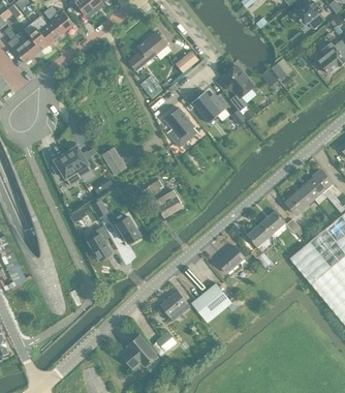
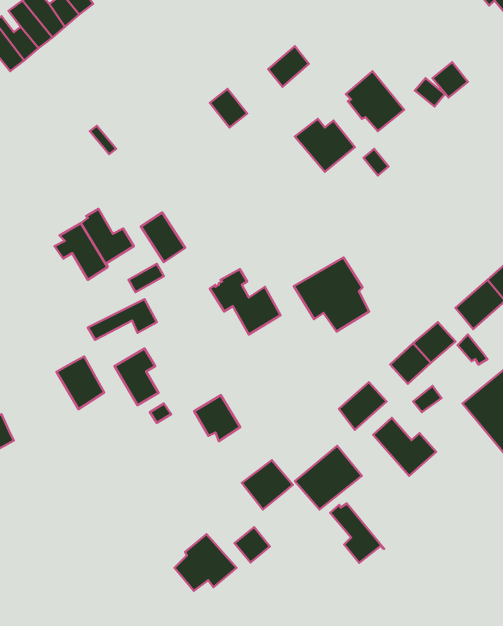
building: [129,32,167,69] -> none
building: [164,107,197,142] -> none
building: none -> [294,257,369,332]
building: [113,215,139,242] -> [194,395,240,441]
building: none -> [56,357,104,409]
building: none -> [373,418,436,476]
building: none -> [330,504,384,563]

